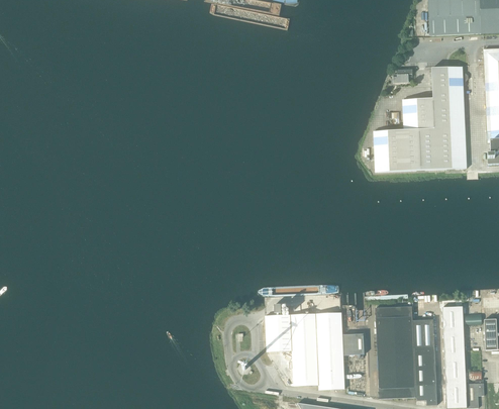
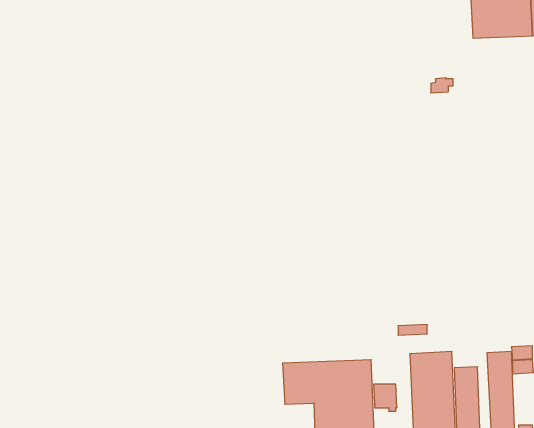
building: [374,66,468,171] -> none

